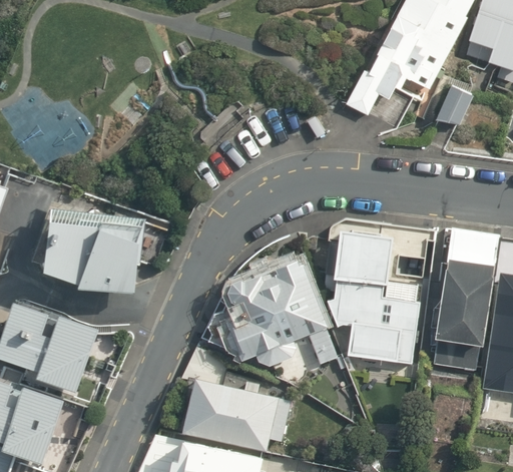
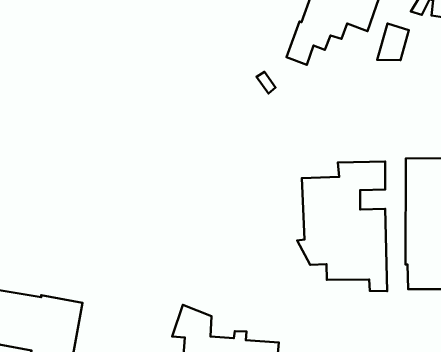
building: [39,219,141,295] -> none
building: [205,261,340,365] -> none

